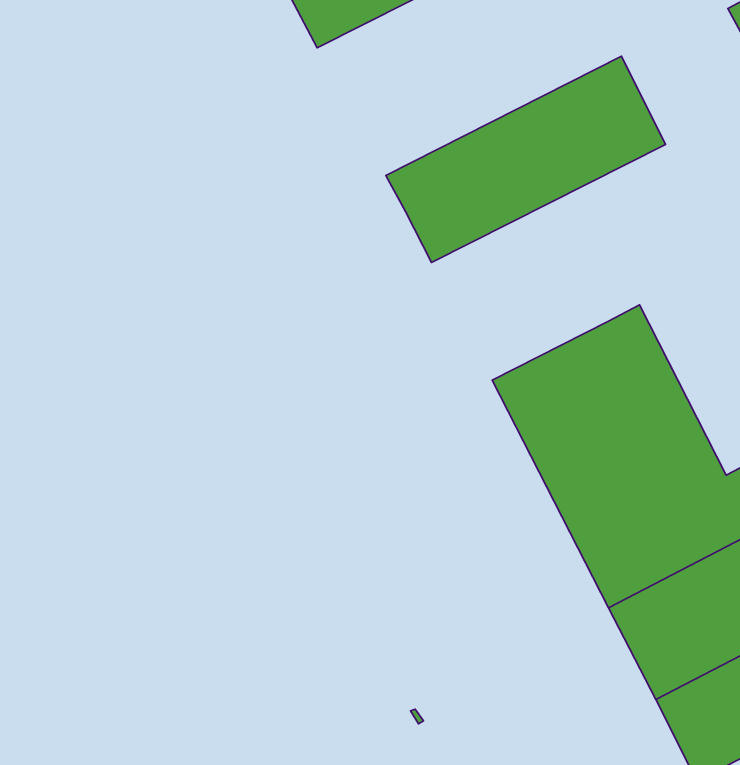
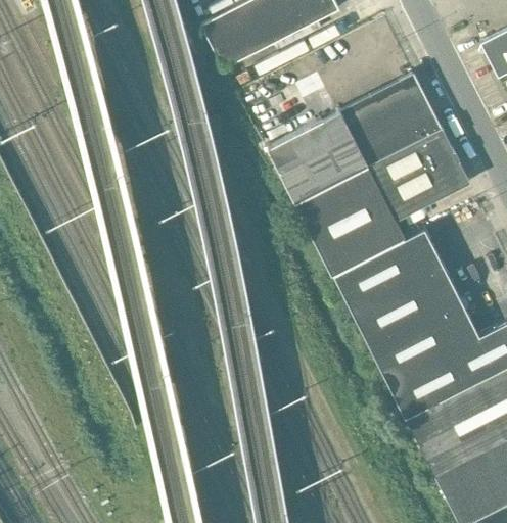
building: none -> [295,129,469,276]

